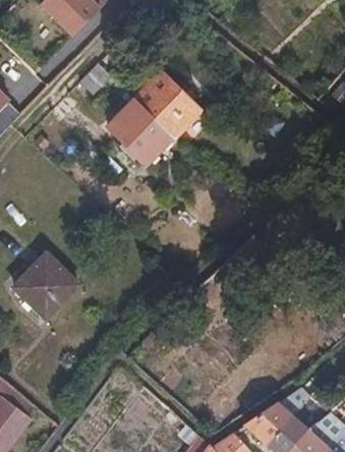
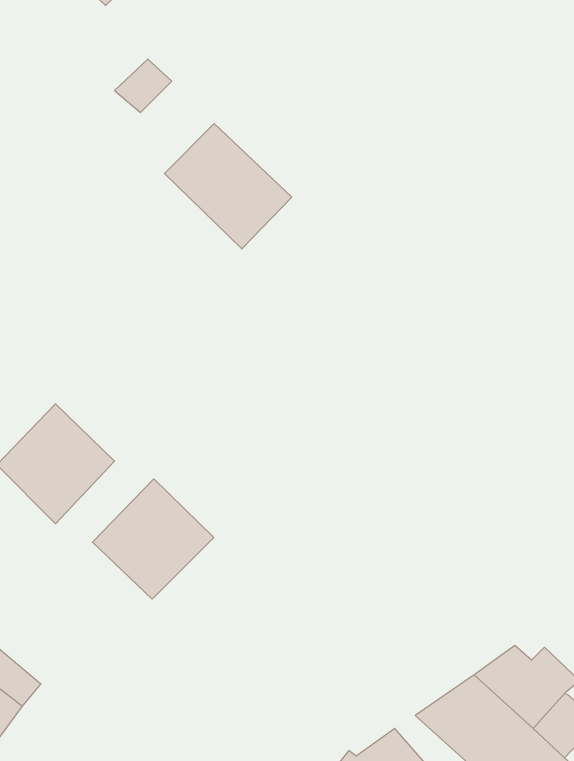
building: [132,70,202,139] -> none
building: none -> [92,479,214,599]

